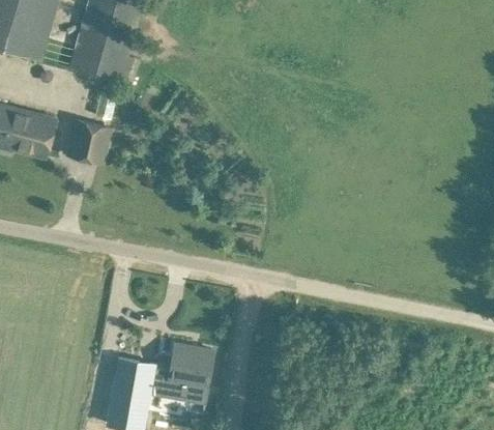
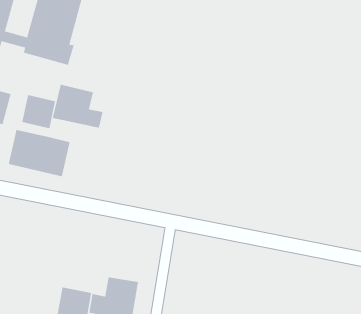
building: none -> [52,84,103,129]
building: none -> [8,129,70,177]

